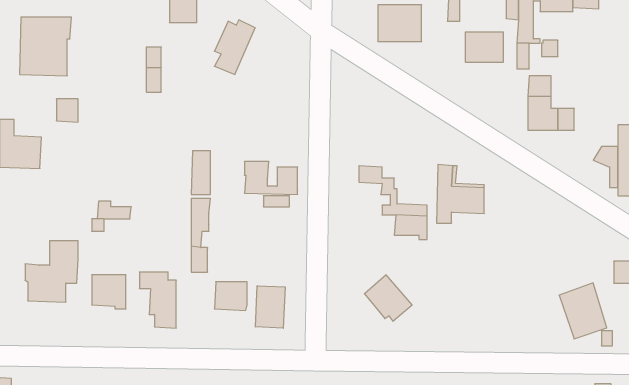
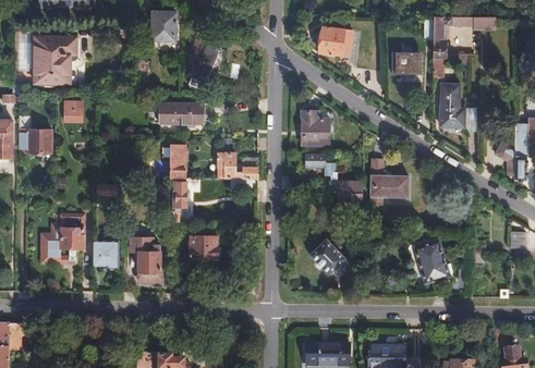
building: none -> [160,103,204,125]
building: none -> [301,110,329,147]
building: [559,283,607,339] -> [411,241,449,285]
building: [256,286,285,328] -> none

